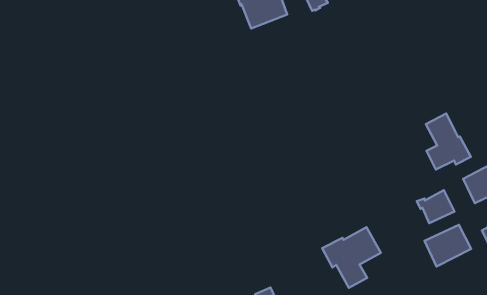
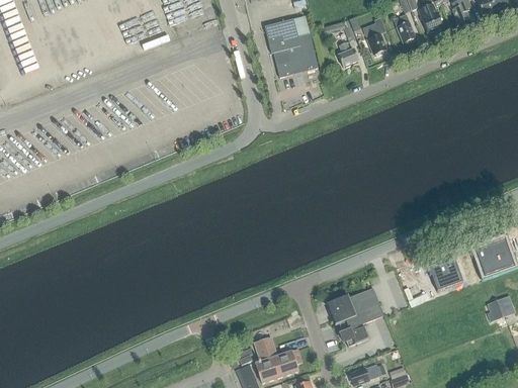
building: [426,114,471,170] -> none
building: [424,225,471,267] -> none

